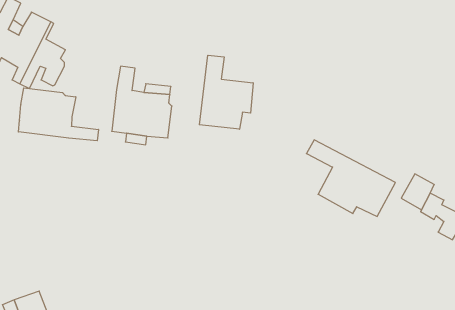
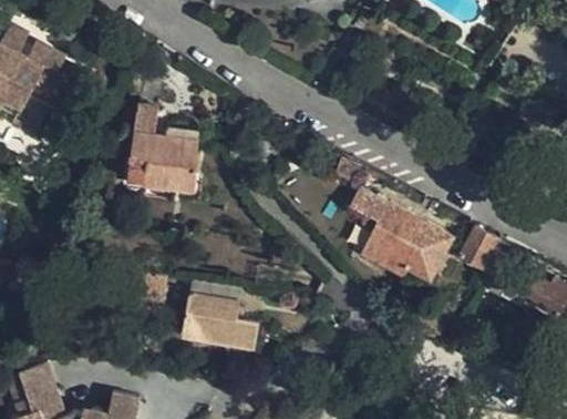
building: [199,55,253,129] -> none
building: [18,88,98,141] -> none
building: none -> [183,283,256,345]

